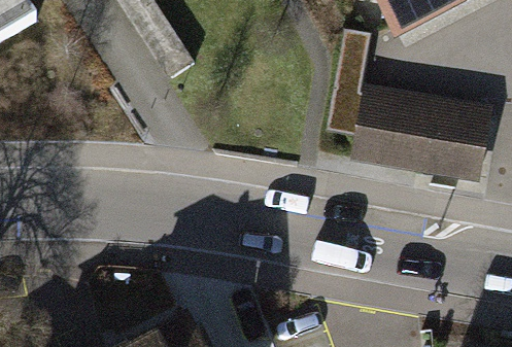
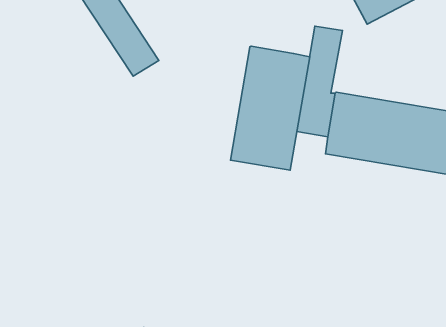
building: none -> [230,46,310,170]

